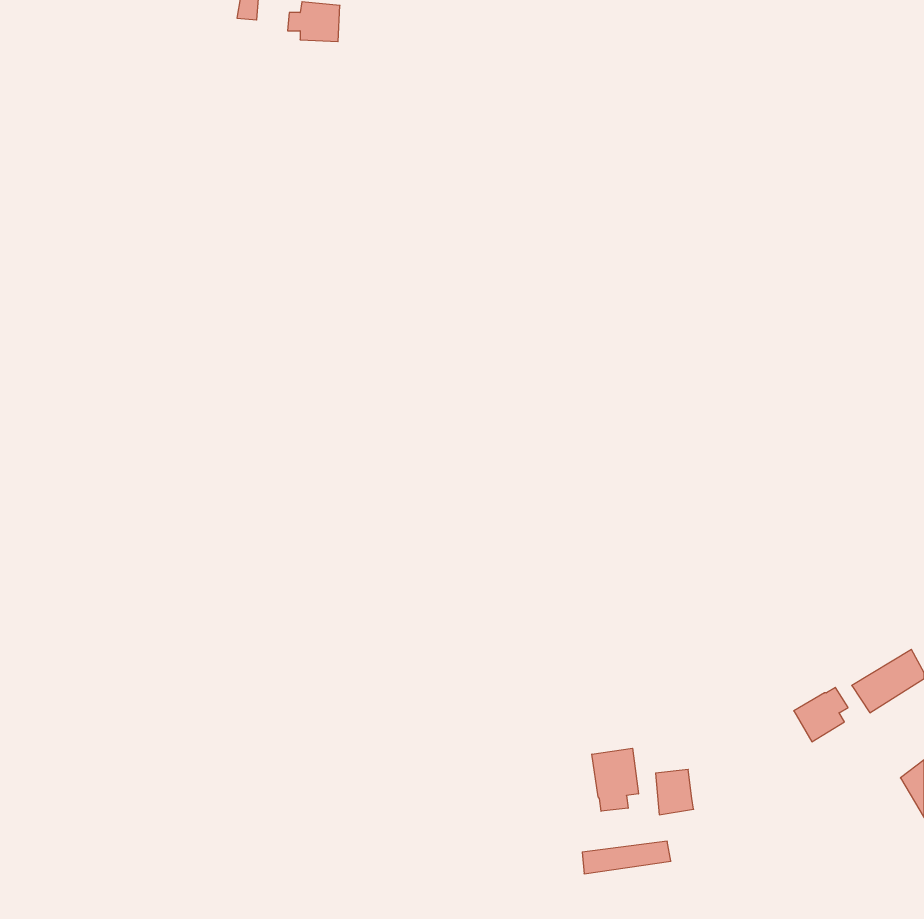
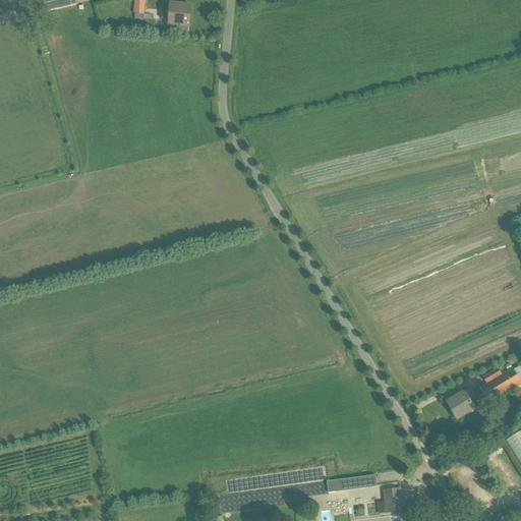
building: [592,748,638,811] -> none
building: [656,769,694,815] -> [383,485,404,511]

